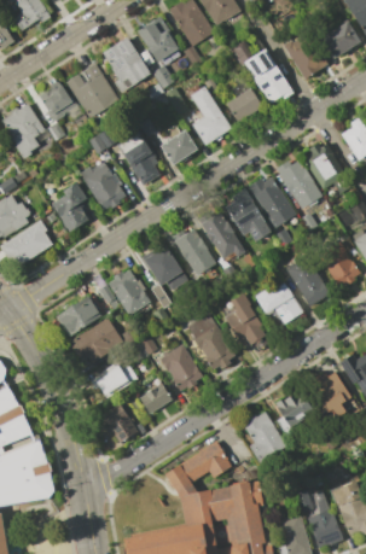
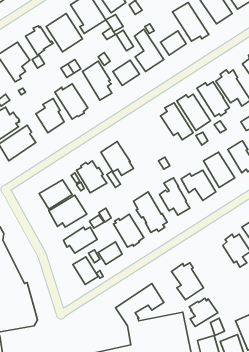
building: [199,211,245,257] -> none
building: [173,229,215,275] -> none
building: [275,391,315,431] -> [189,298,218,327]

